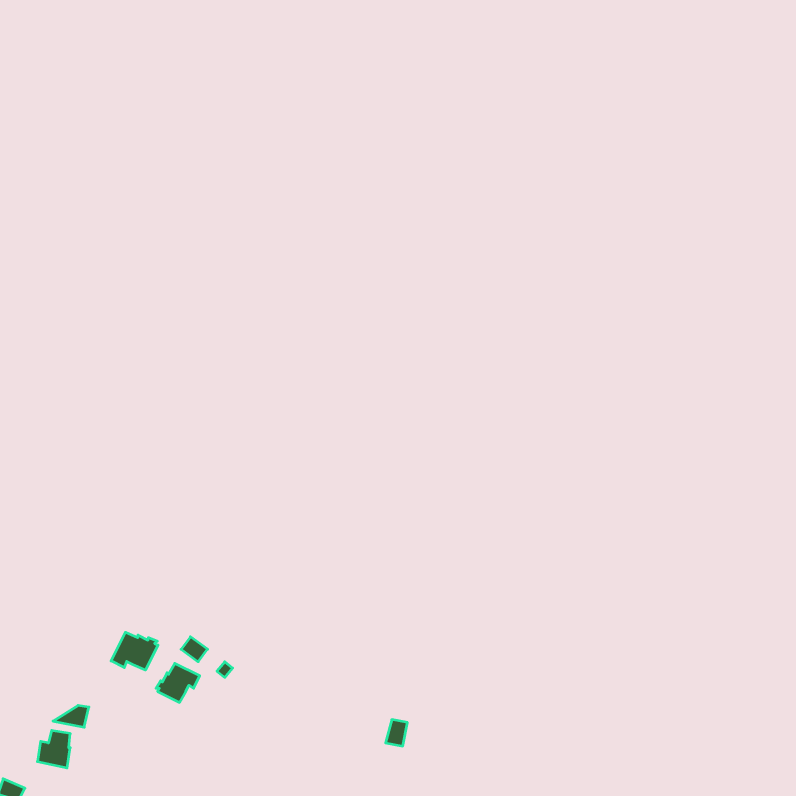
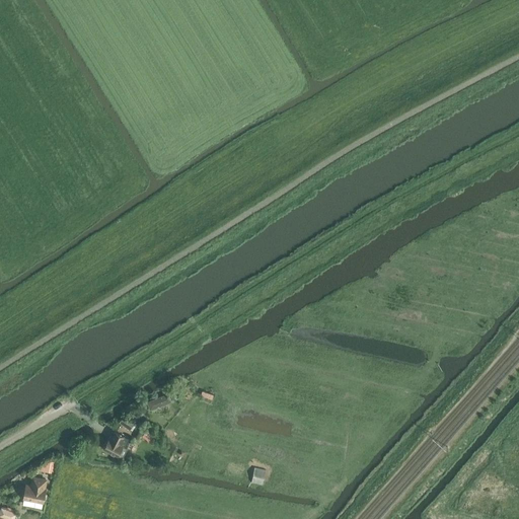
building: [111,632,158,670] -> none

